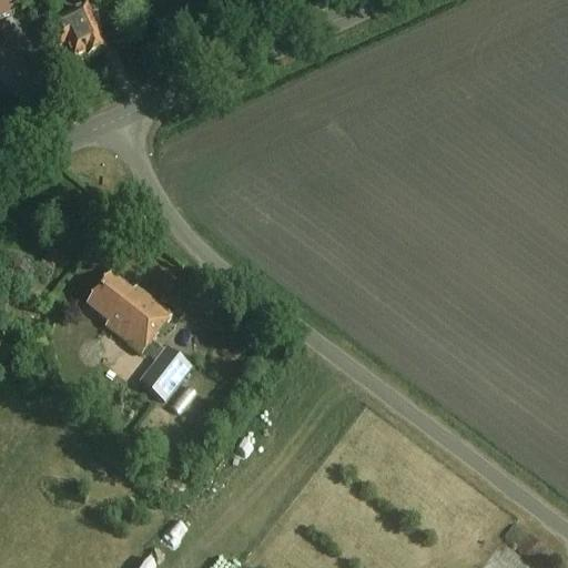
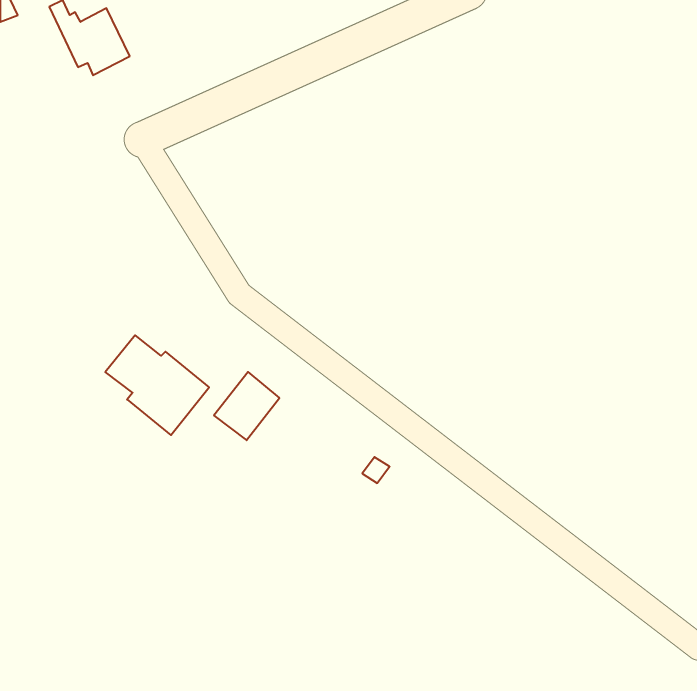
building: [139,342,192,397] -> [214,372,279,440]

